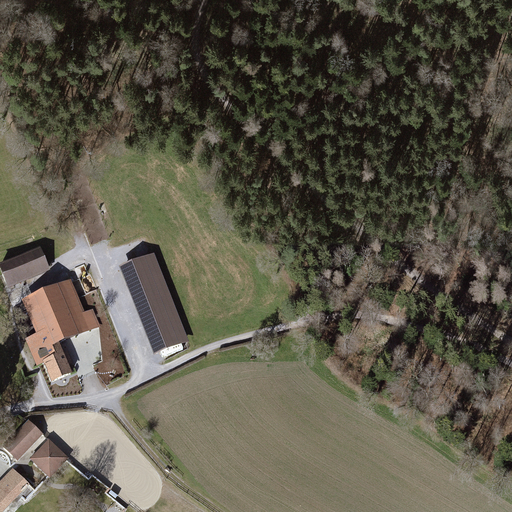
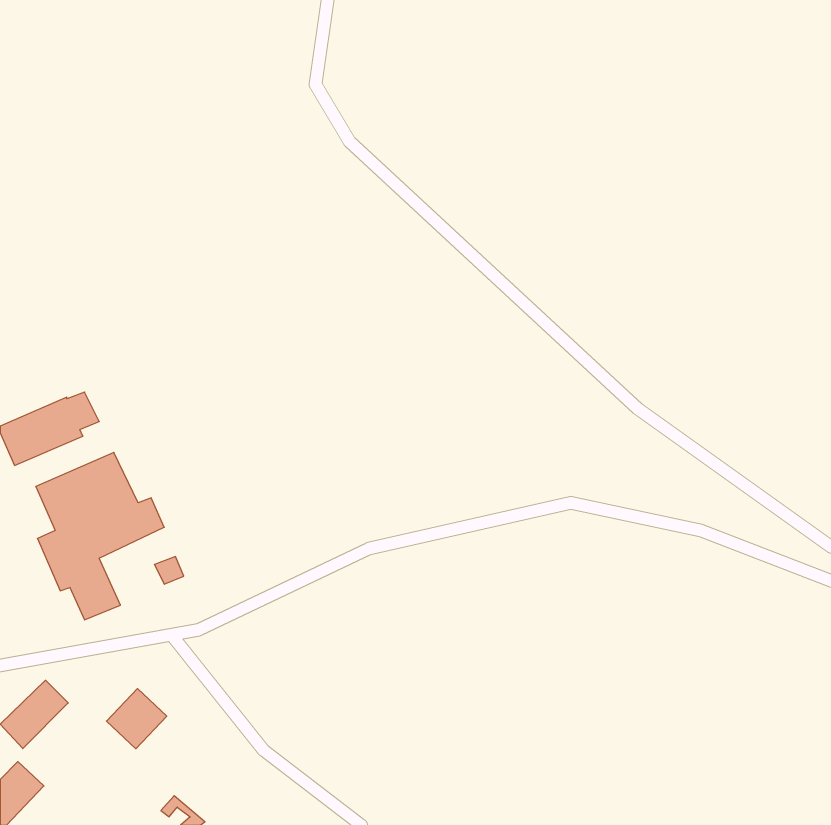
building: [119,251,189,354] -> none
building: [30,439,67,476] -> [106,689,167,749]

